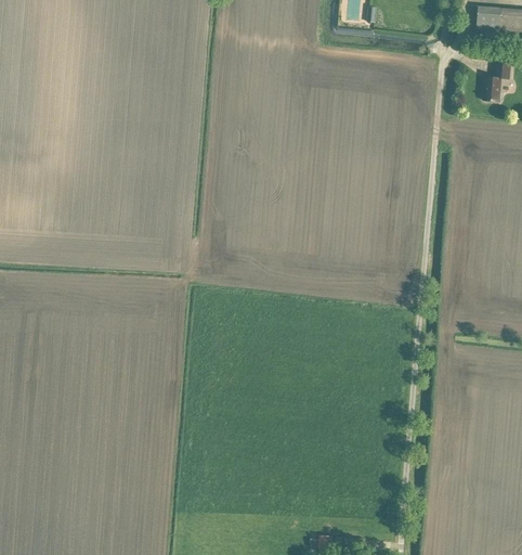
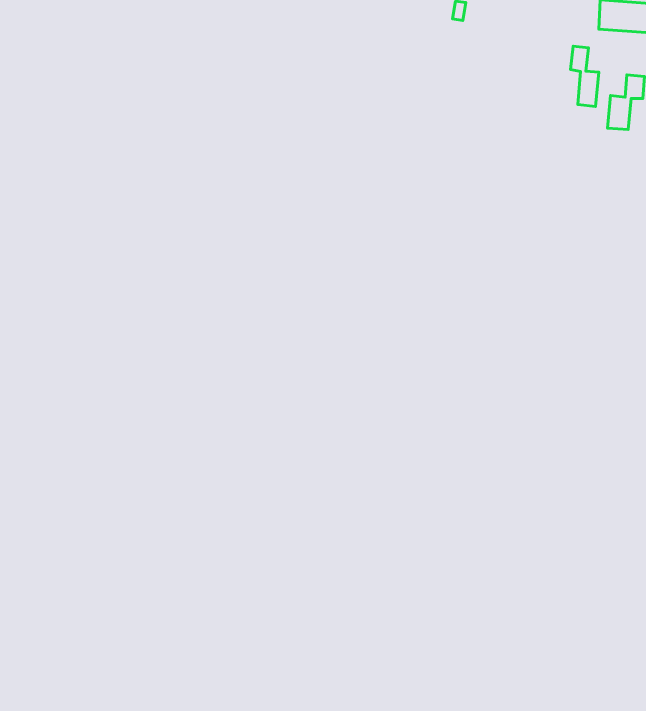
building: none -> [570,46,599,106]

